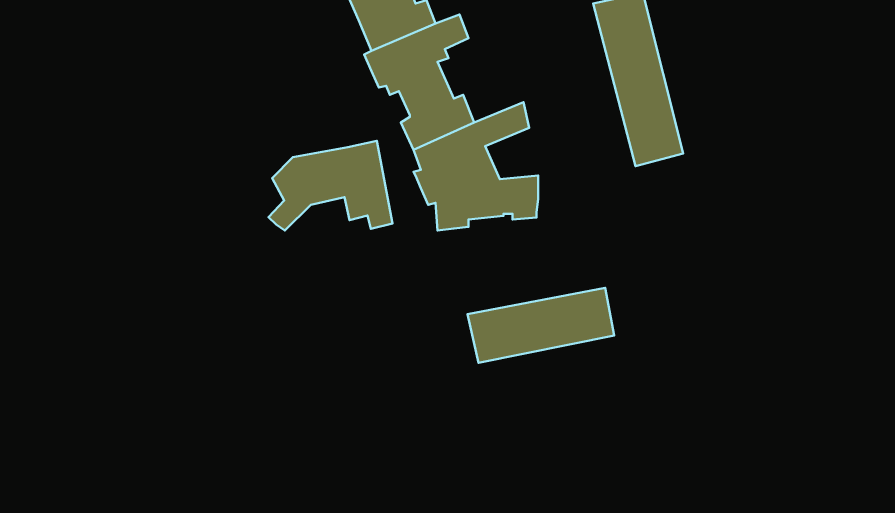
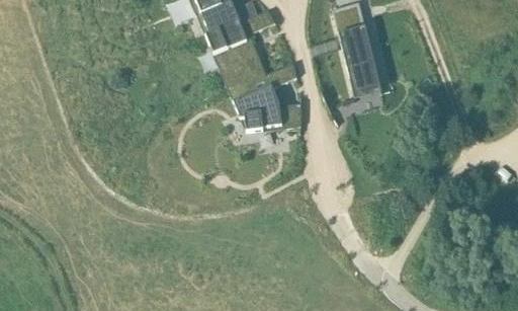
building: [269,141,393,230] -> none
building: [468,288,614,363] -> none

